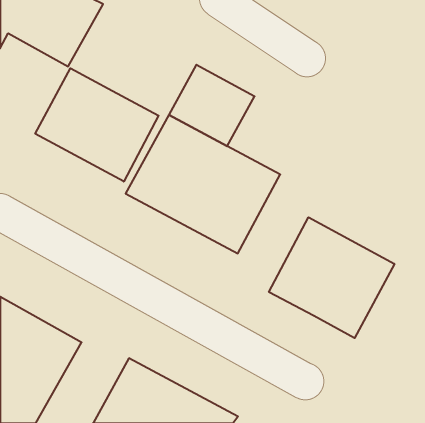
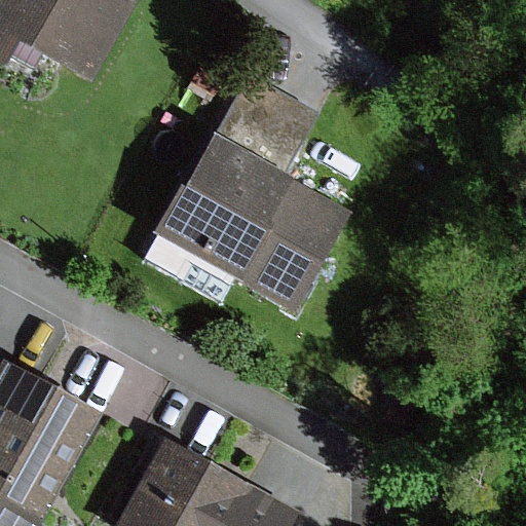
building: [35,68,159,182] -> none
building: [269,217,394,338] -> none

